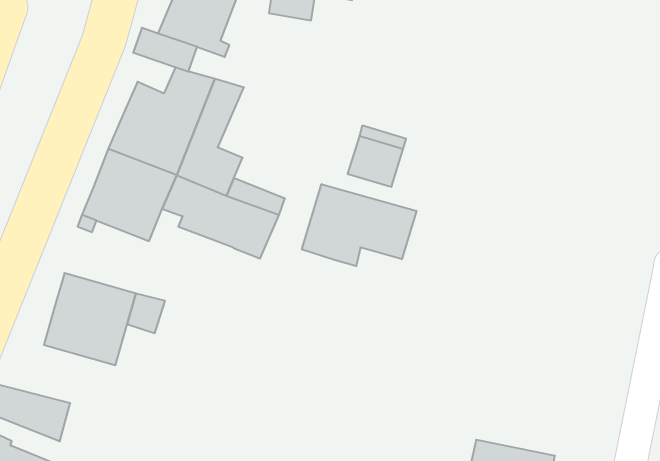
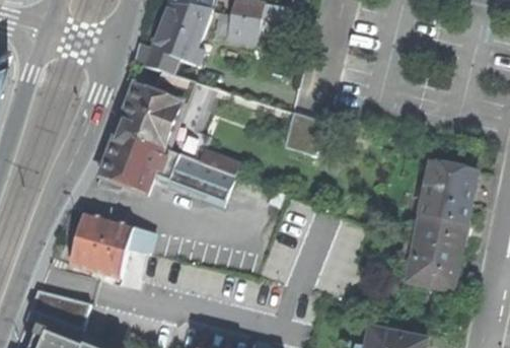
building: [302,184,416,266] -> none
building: none -> [407,160,477,289]

